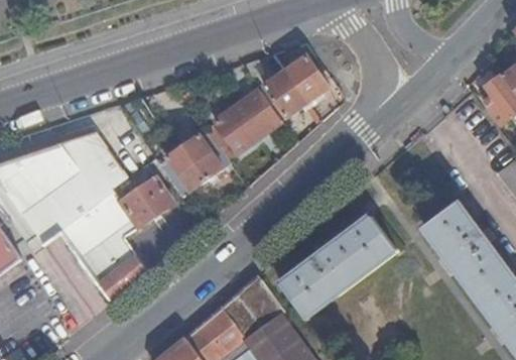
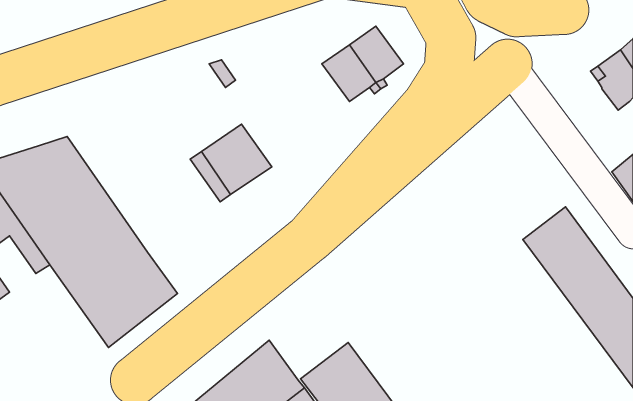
building: [211,89,278,152] -> none
building: [56,132,169,237] -> none
building: [279,216,394,318] -> none
building: [219,275,282,340] -> none

